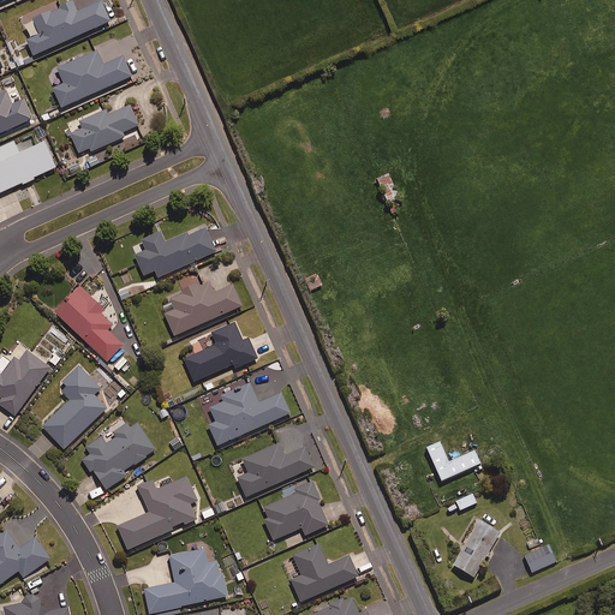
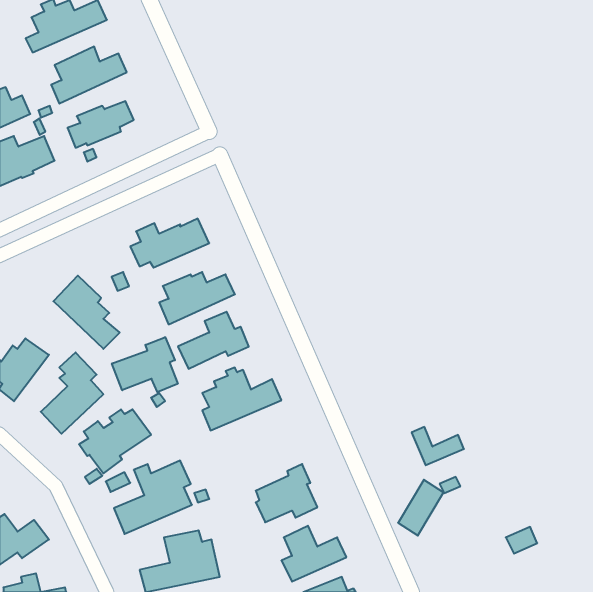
building: none -> [112,337,178,392]
building: [238,442,315,496] -> none
building: [452,520,498,578] -> [398,480,443,536]

